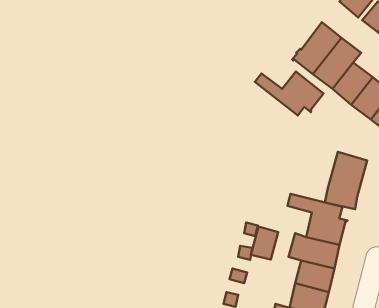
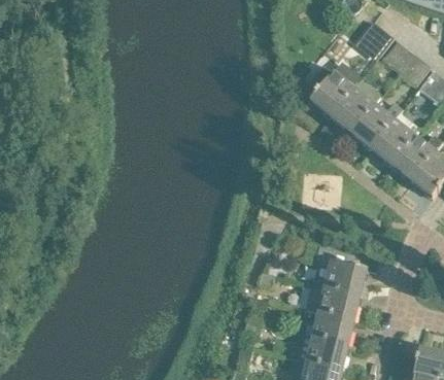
building: [255,72,323,115] -> none
building: [325,152,367,209] -> none
building: [251,226,278,259] -> none

